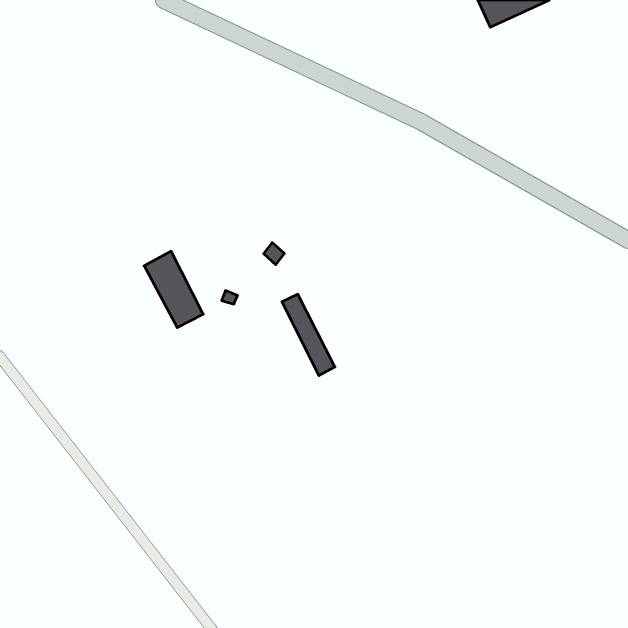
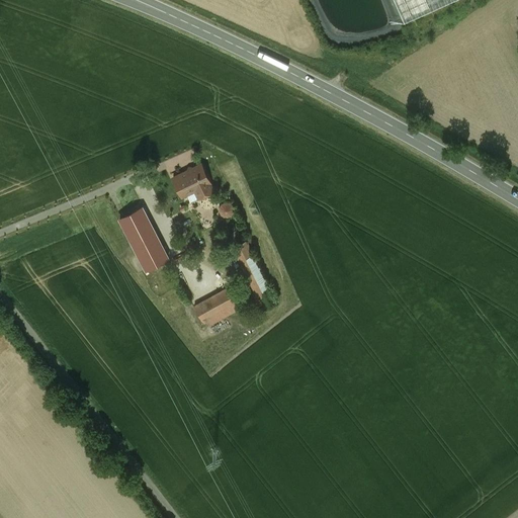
building: none -> [172,165,212,196]
building: none -> [193,285,245,328]

